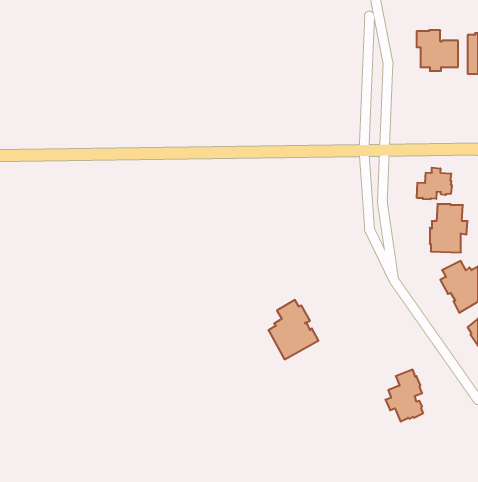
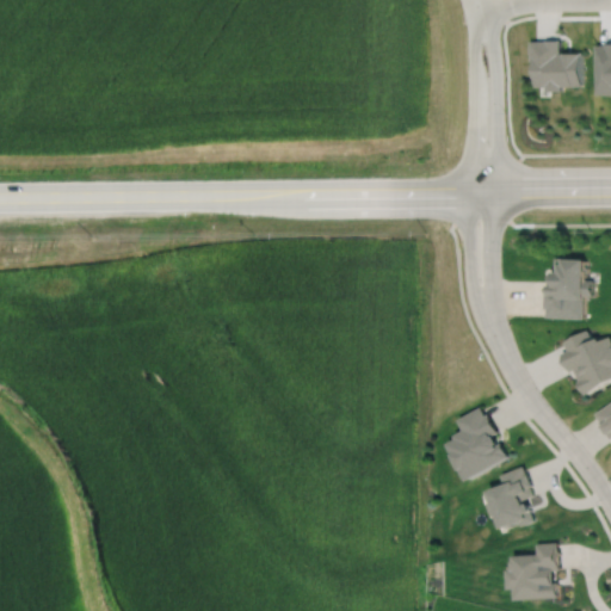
building: [417,168,452,199] -> none
building: [268,300,319,359] -> [445,408,508,483]
building: none -> [507,544,560,604]

